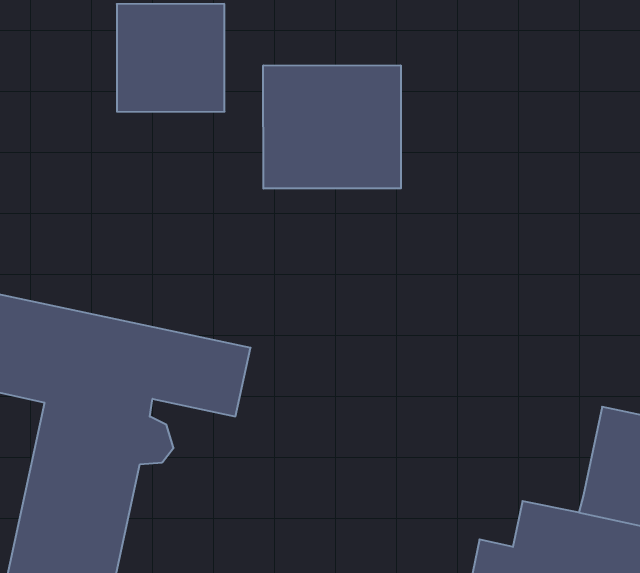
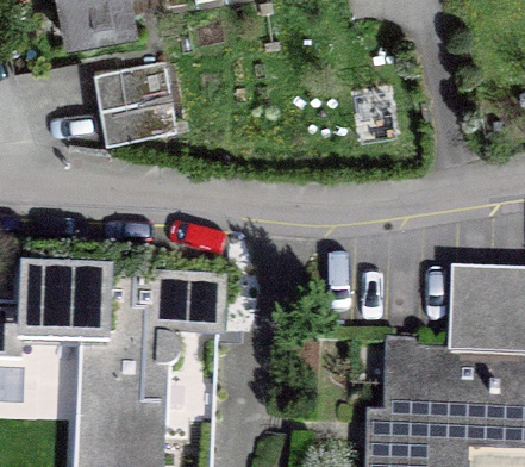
building: [263,65,401,189] -> none

